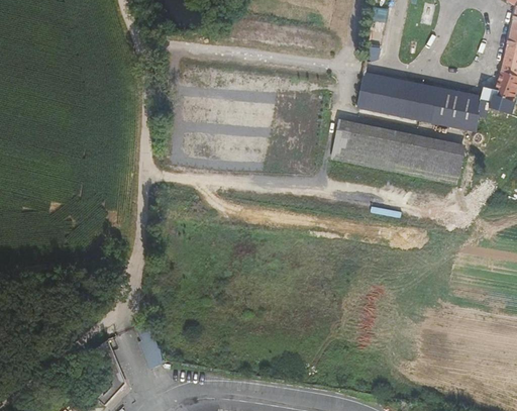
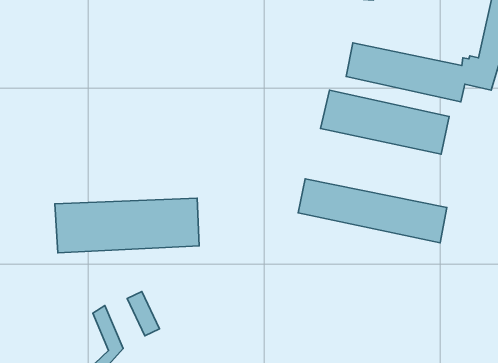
building: none -> [298,179,447,243]
building: none -> [55,198,199,253]

